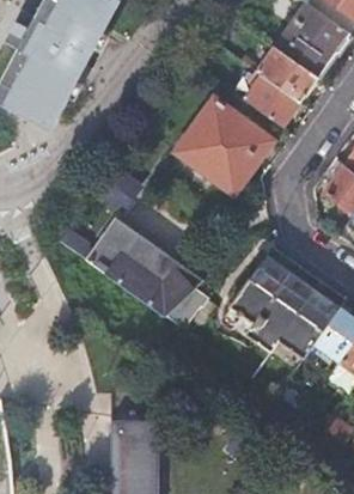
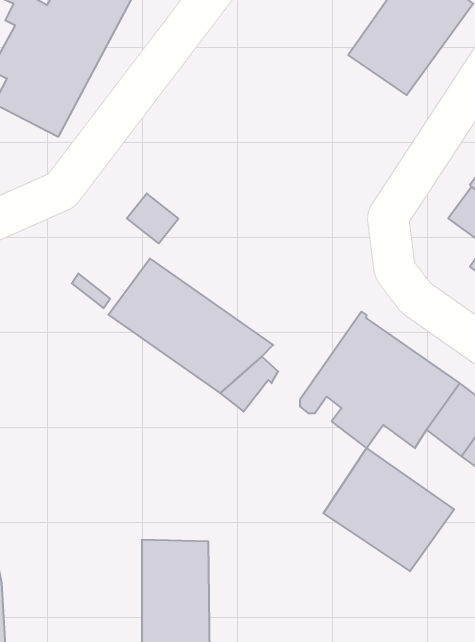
building: [243,69,299,126] -> none
building: [175,98,270,193] -> none
building: none -> [323,448,454,571]

